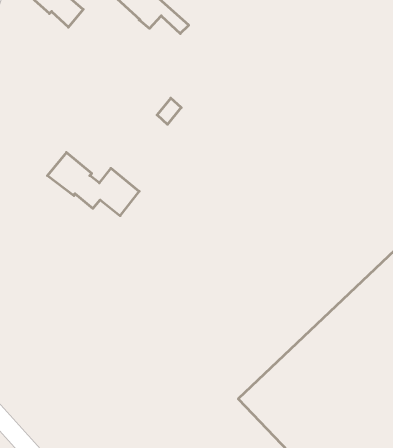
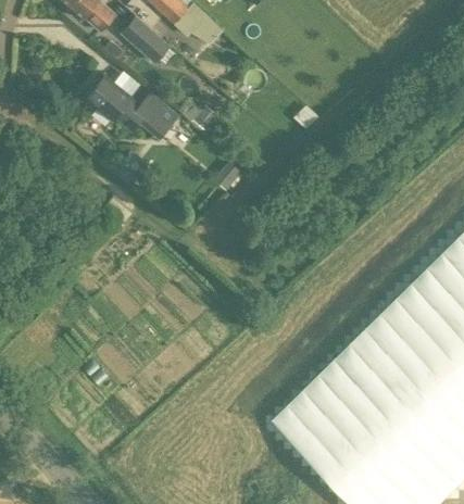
building: none -> [118,16,167,63]
building: [47,152,139,216] -> [84,75,178,140]

